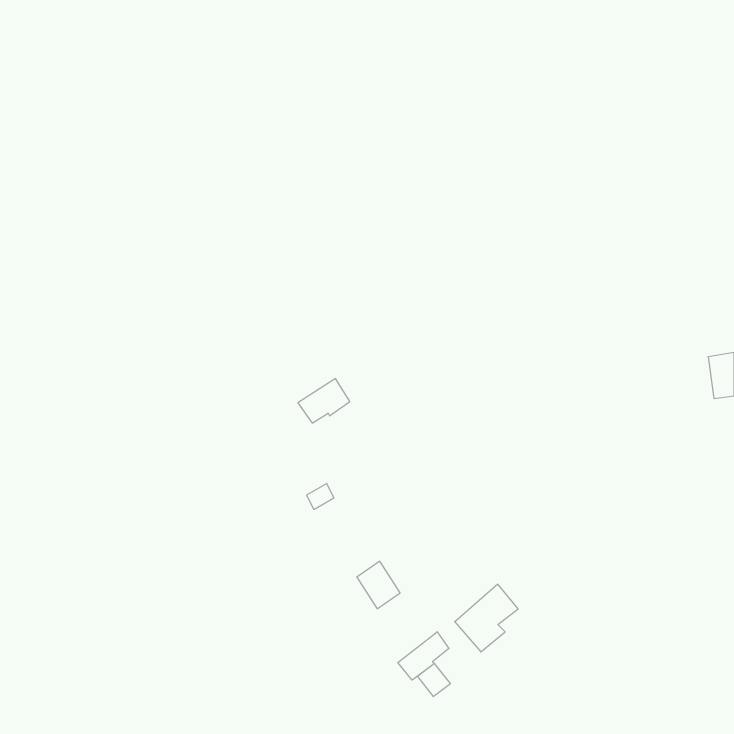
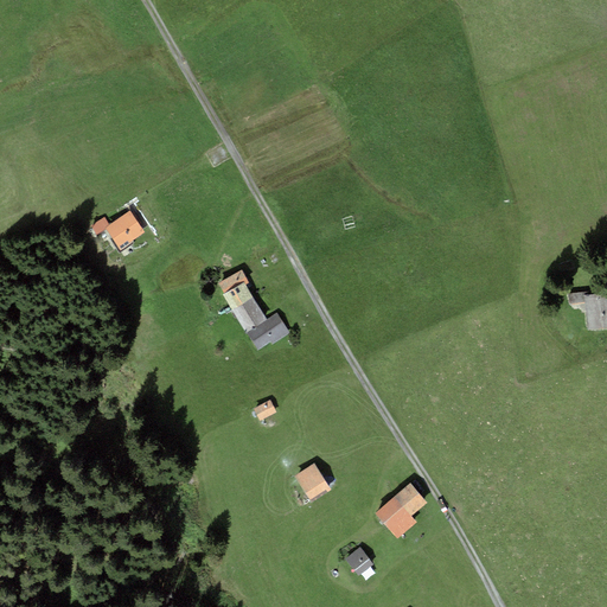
building: none -> [90,210,143,249]
building: none -> [217,268,266,331]
building: [398,632,449,680] -> none

